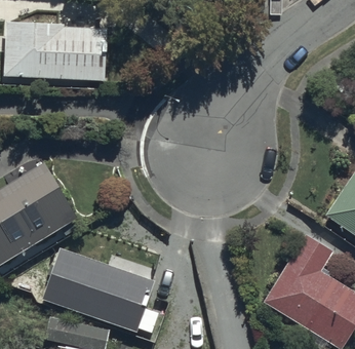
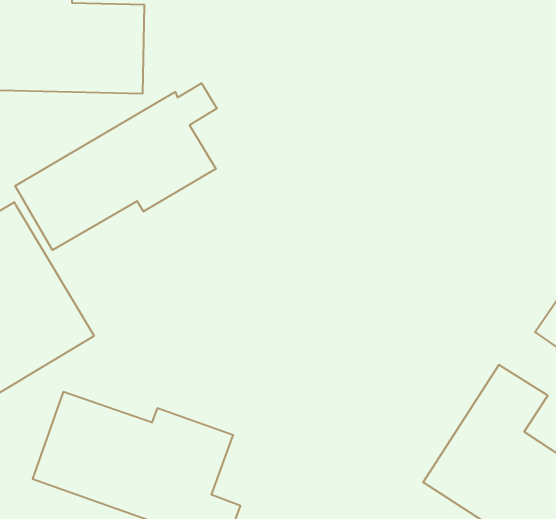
building: none -> [15,83,217,250]

